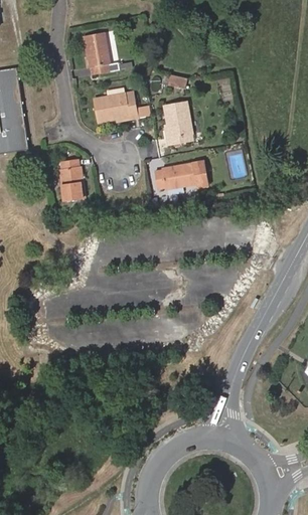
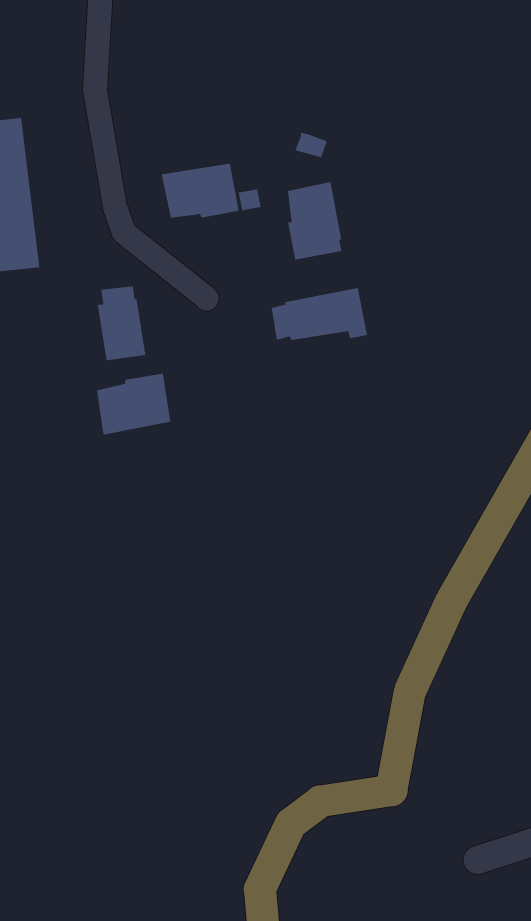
building: [85,32,120,74] -> none
building: none -> [97,373,171,435]

